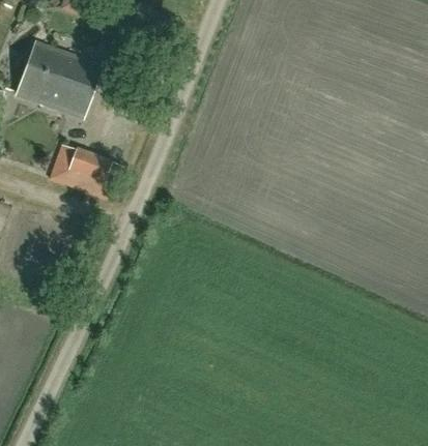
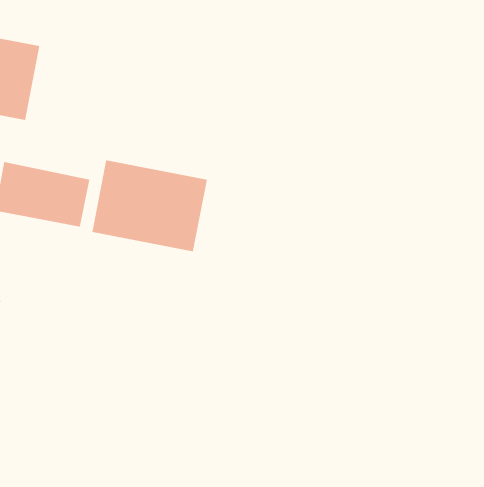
building: none -> [92,160,207,252]

